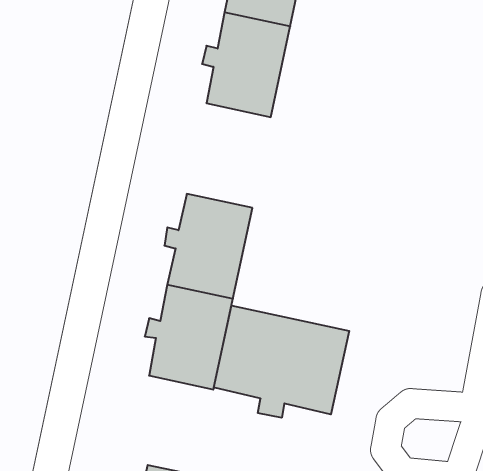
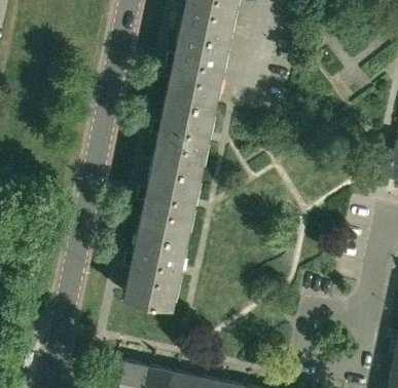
building: none -> [151,94,216,171]
building: [214,306,349,418] -> none

